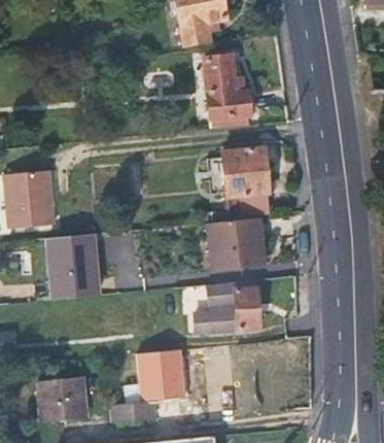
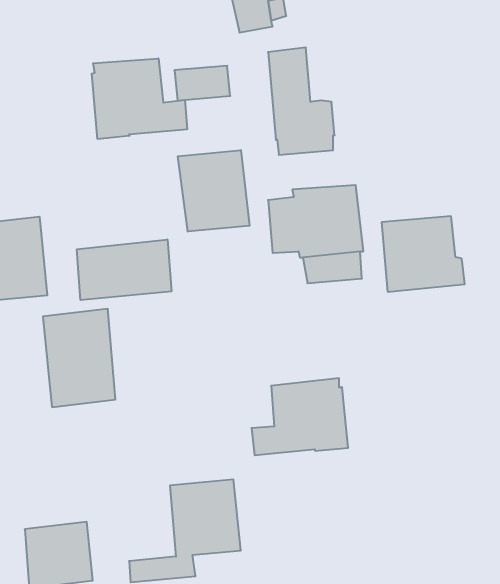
building: none -> [92,58,187,139]
building: none -> [178,150,250,232]
building: none -> [77,239,171,300]
building: [209,217,266,269] -> [382,216,465,292]

